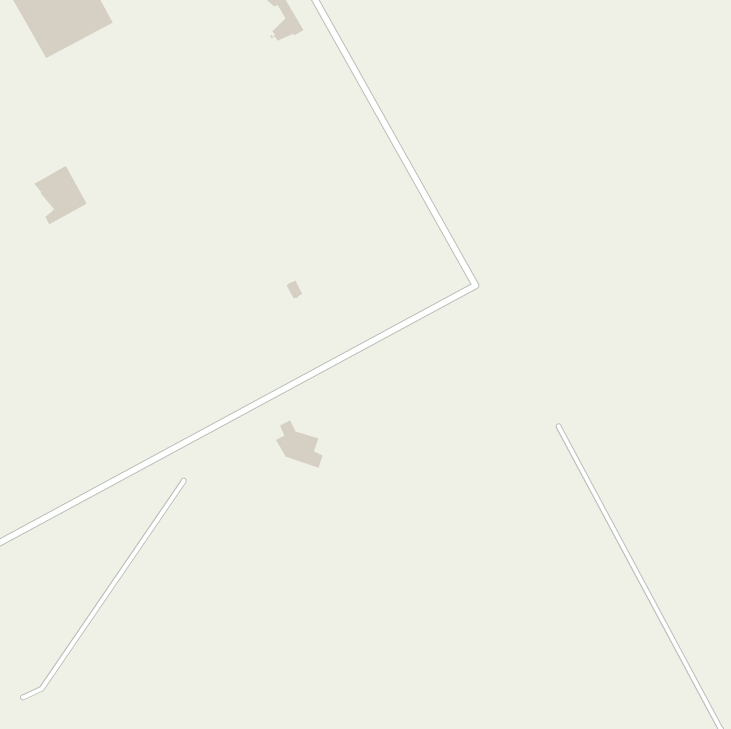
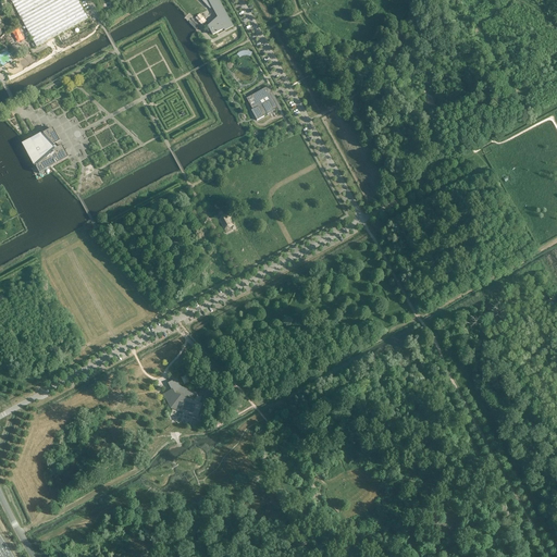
building: none -> [244,84,275,115]
building: [275,420,324,468] -> [162,375,199,412]

